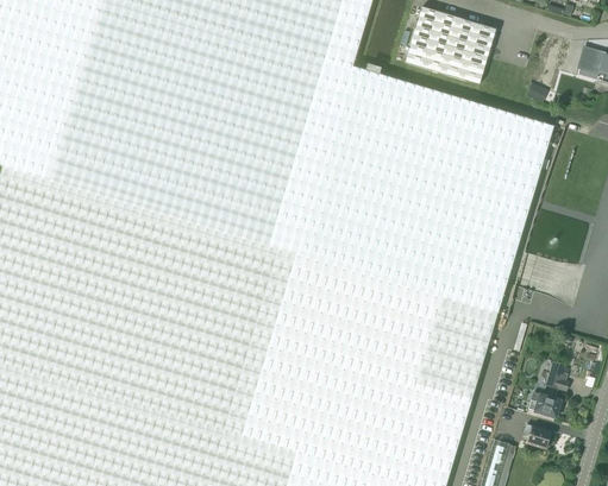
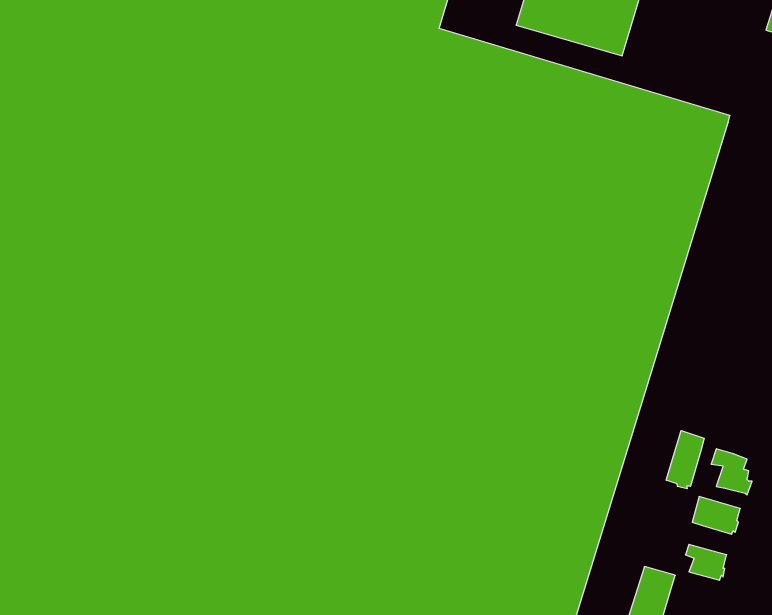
building: none -> [666,431,704,489]

